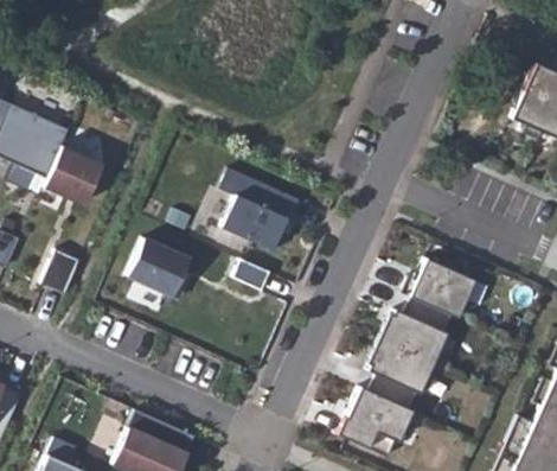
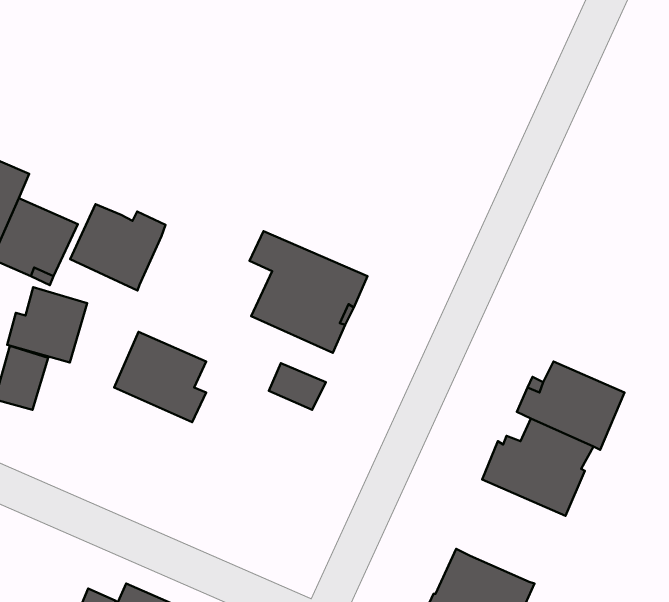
building: none -> [70,204,166,290]
building: none -> [7,287,87,363]
building: [367,338,435,408] -> none

